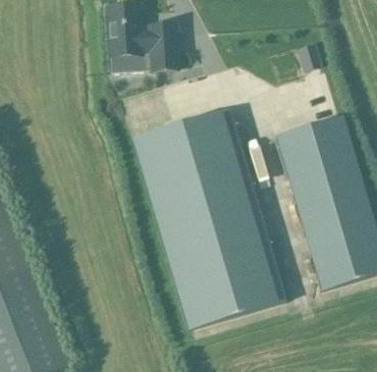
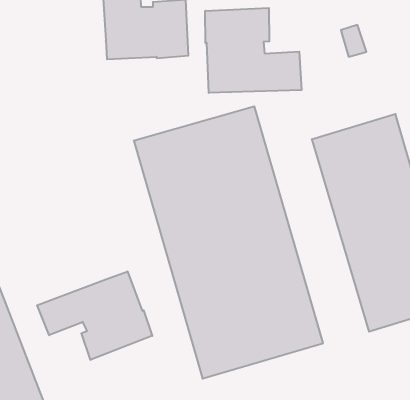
building: none -> [205,8,302,93]
building: none -> [37,271,152,360]

